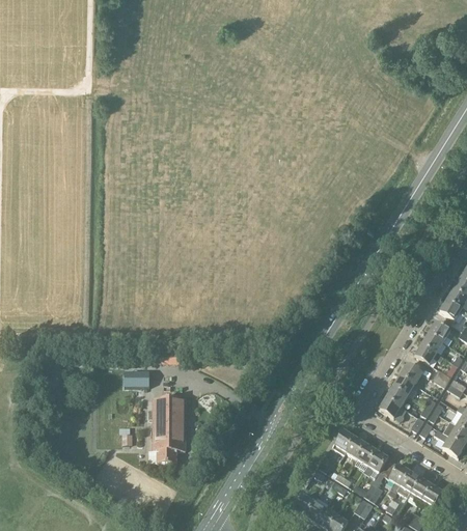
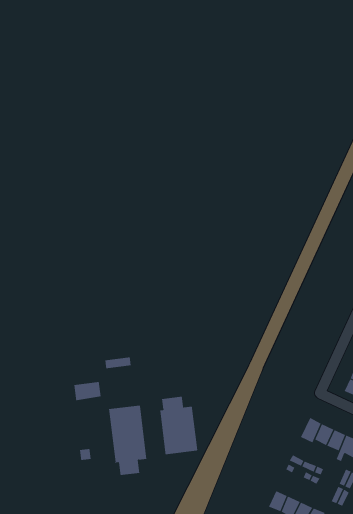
building: none -> [159,396,198,455]

